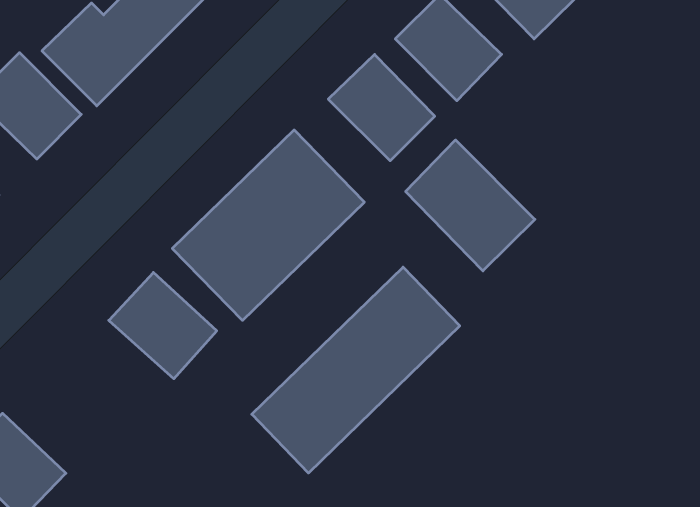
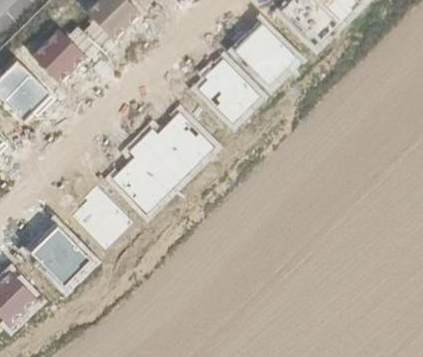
building: [406,140,535,271] -> none
building: [252,267,460,473] -> none
building: none -> [28,226,91,288]

